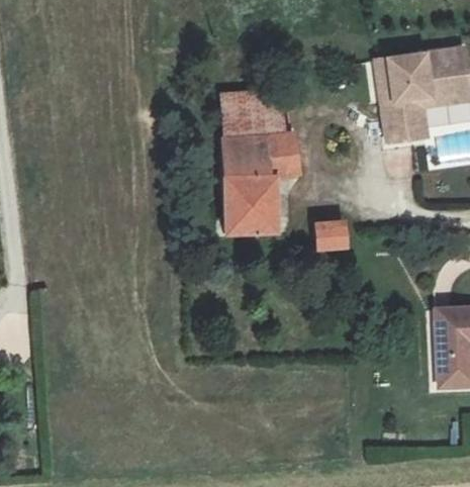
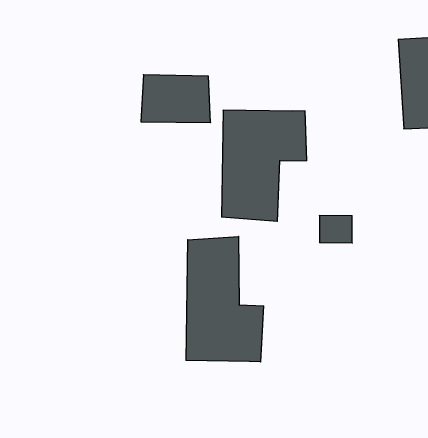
building: [221,92,285,137] -> [141,75,211,123]
building: none -> [186,236,264,362]

